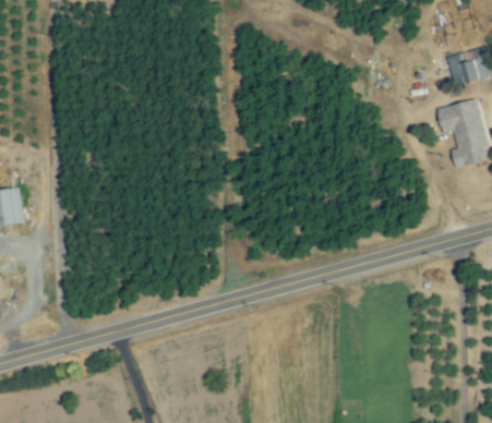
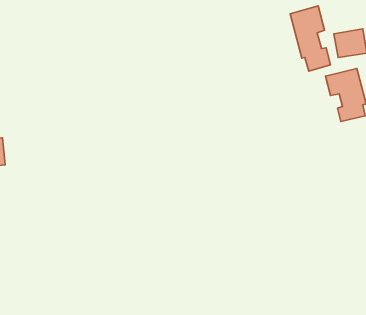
building: none -> [290,6,331,71]

